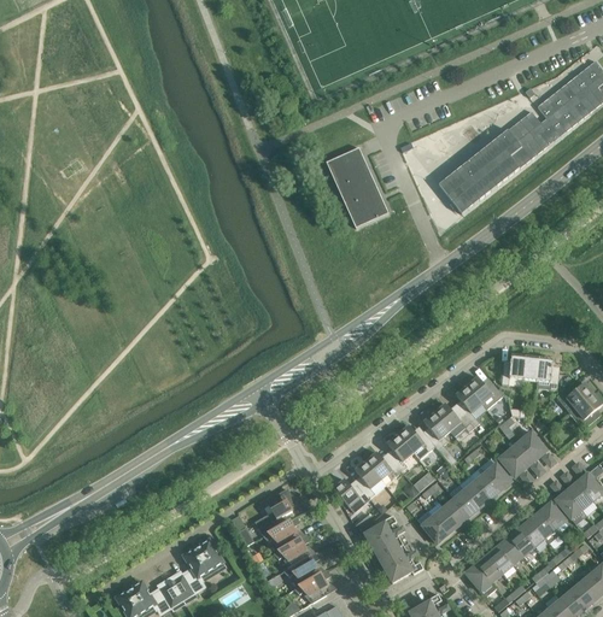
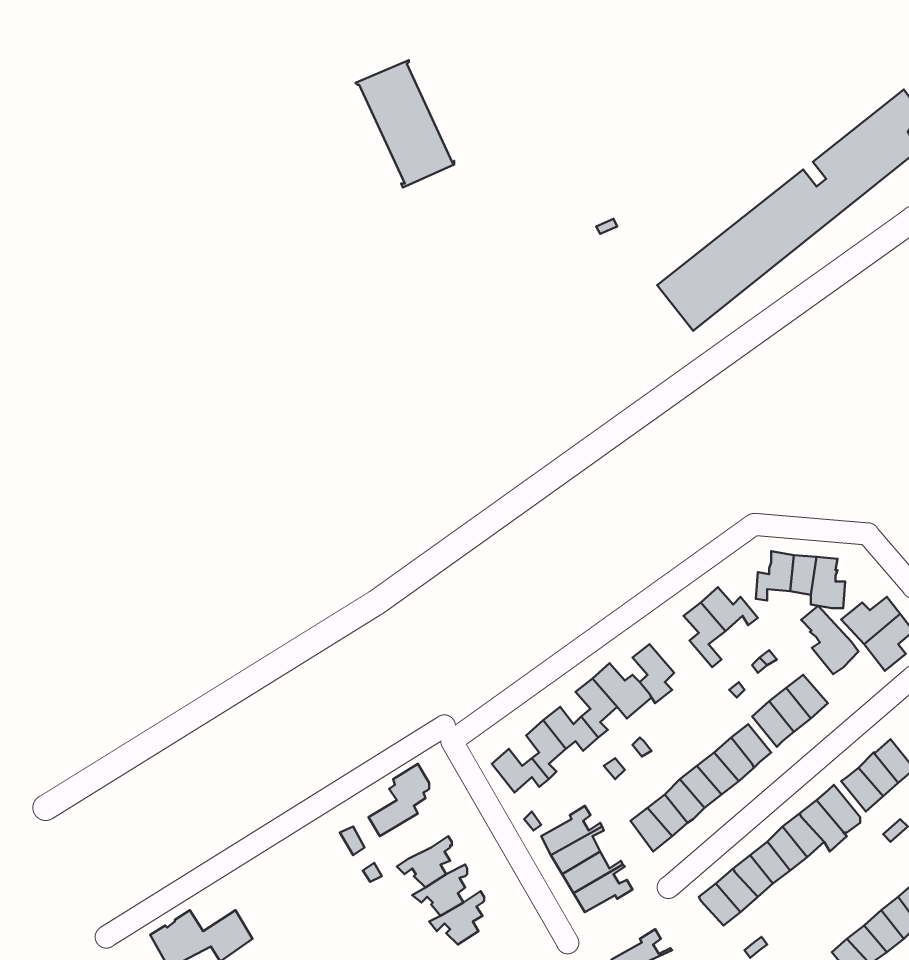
building: [324,147,387,228] -> [356,60,454,187]
building: none -> [801,606,859,674]
building: [433,402,473,435] -> none
building: [262,516,297,548] -> none
building: [170,539,222,599] -> none

